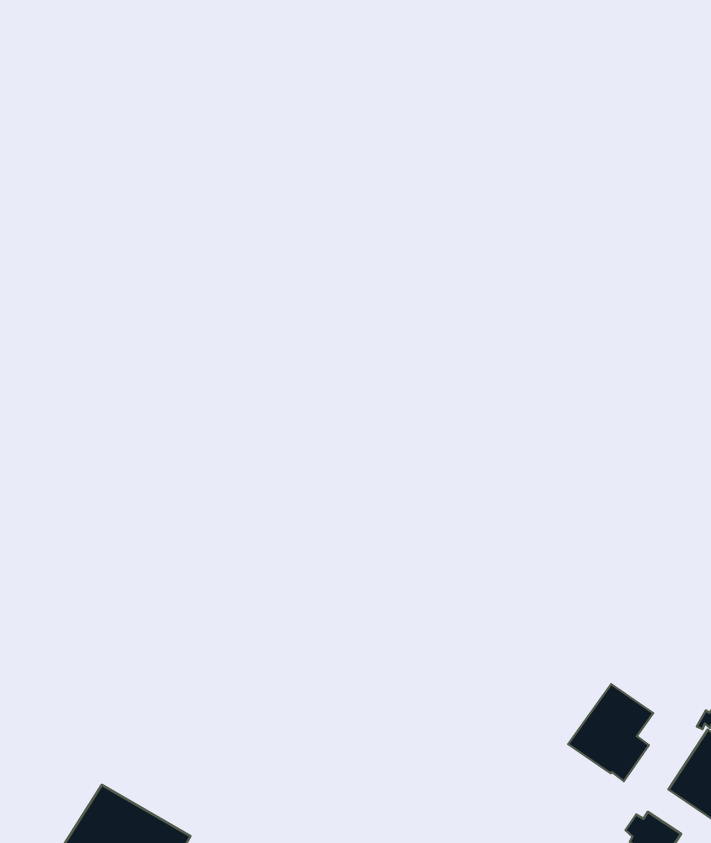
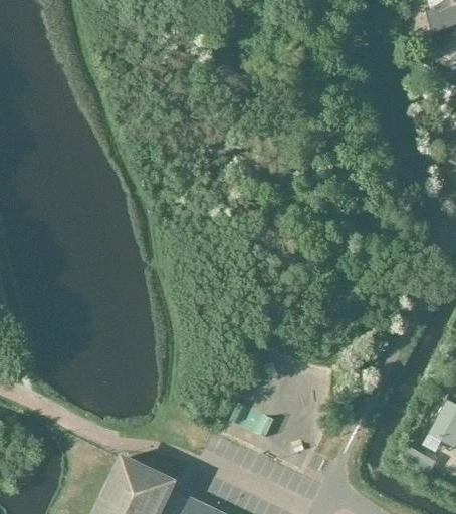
building: [568,684,653,781] -> none

